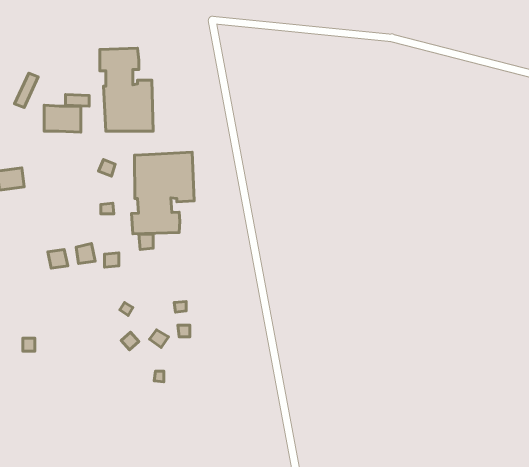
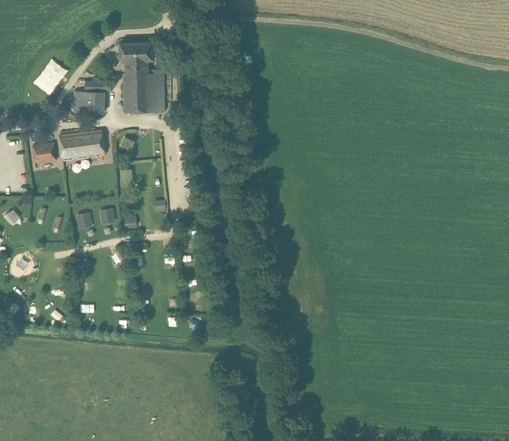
building: [131,152,194,234] -> none
building: none -> [59,130,104,158]

